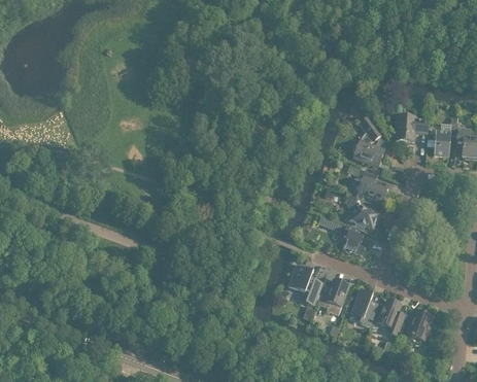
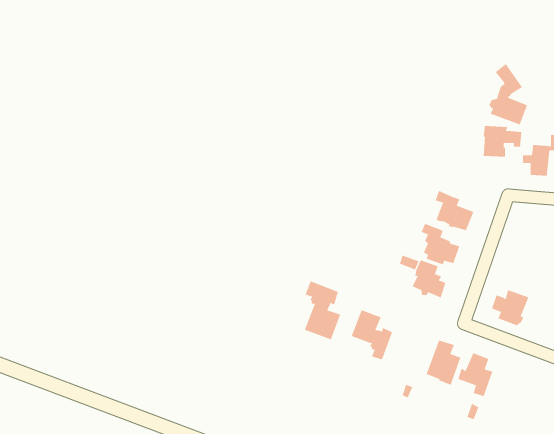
building: [352,115,384,166] -> [488,63,528,125]
building: none -> [304,281,341,340]
building: [317,279,349,315] -> none
building: [402,310,433,340] -> [491,289,529,326]

